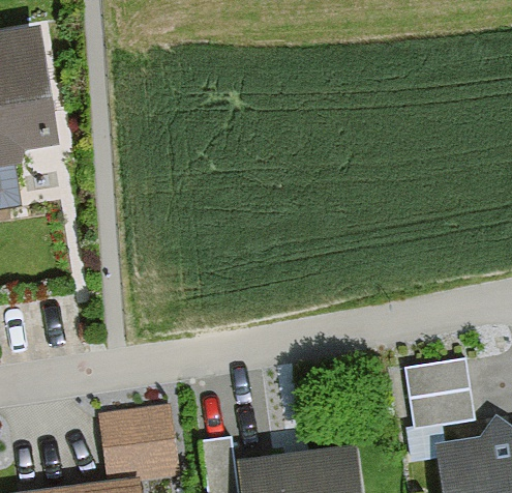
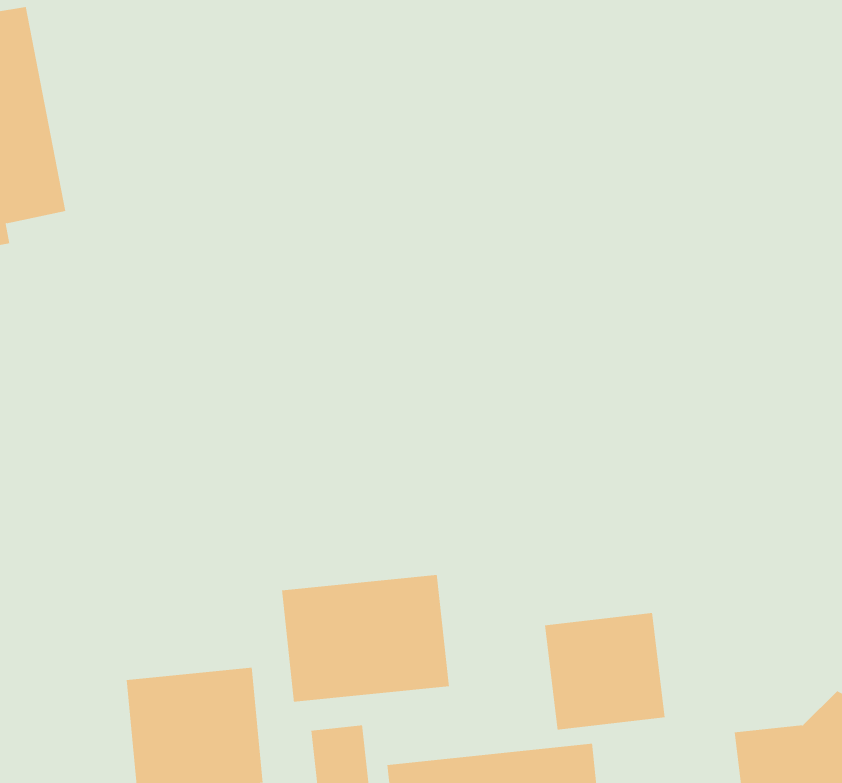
building: none -> [281,574,449,702]
building: [404,363,474,430] -> [544,613,665,730]

